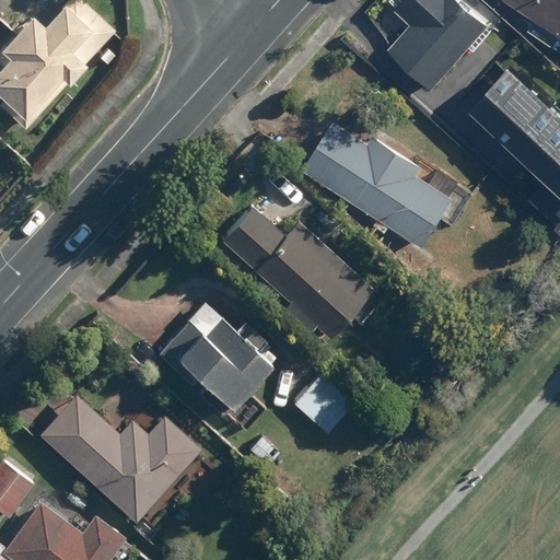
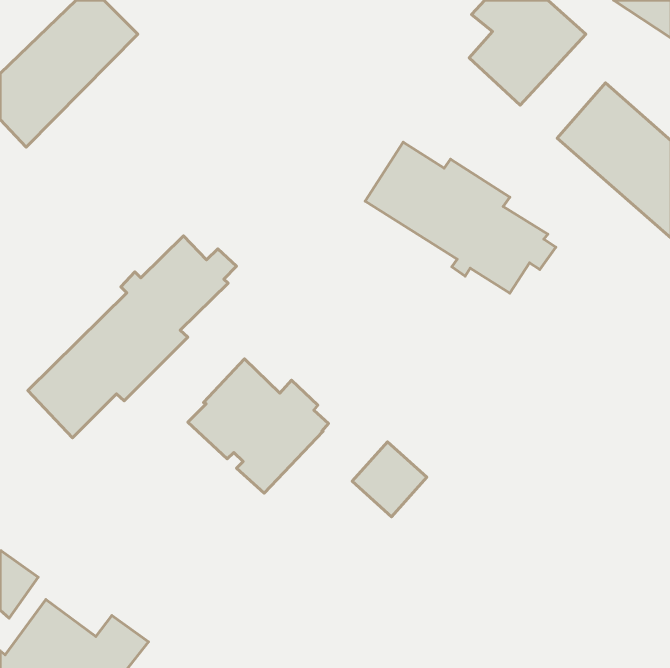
building: none -> [28,236,236,438]
building: [222,208,371,337] -> none
building: [39,394,200,520] -> none

